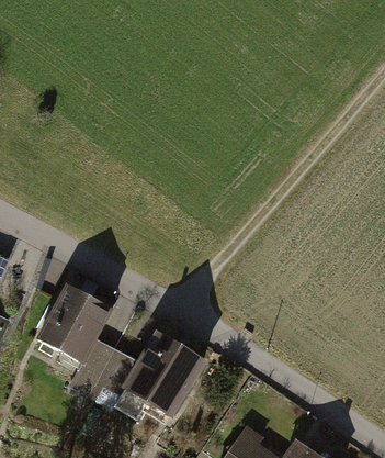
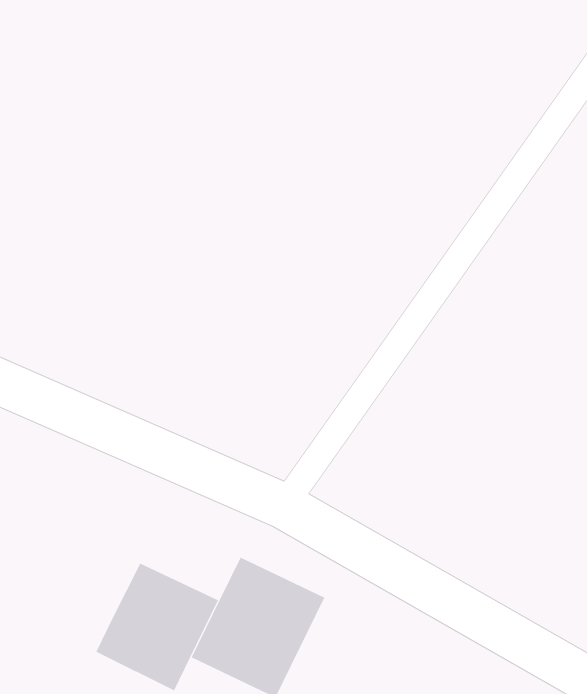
building: [34,289,109,368] -> none

